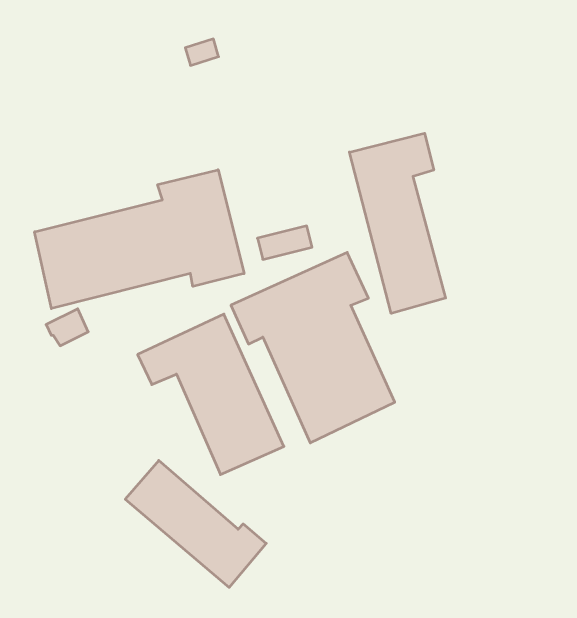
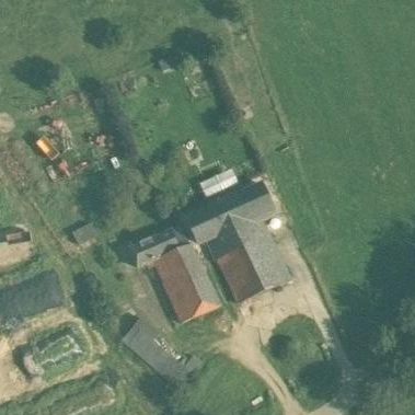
building: [349,133,446,313] -> none
building: [35,170,244,309] -> none

